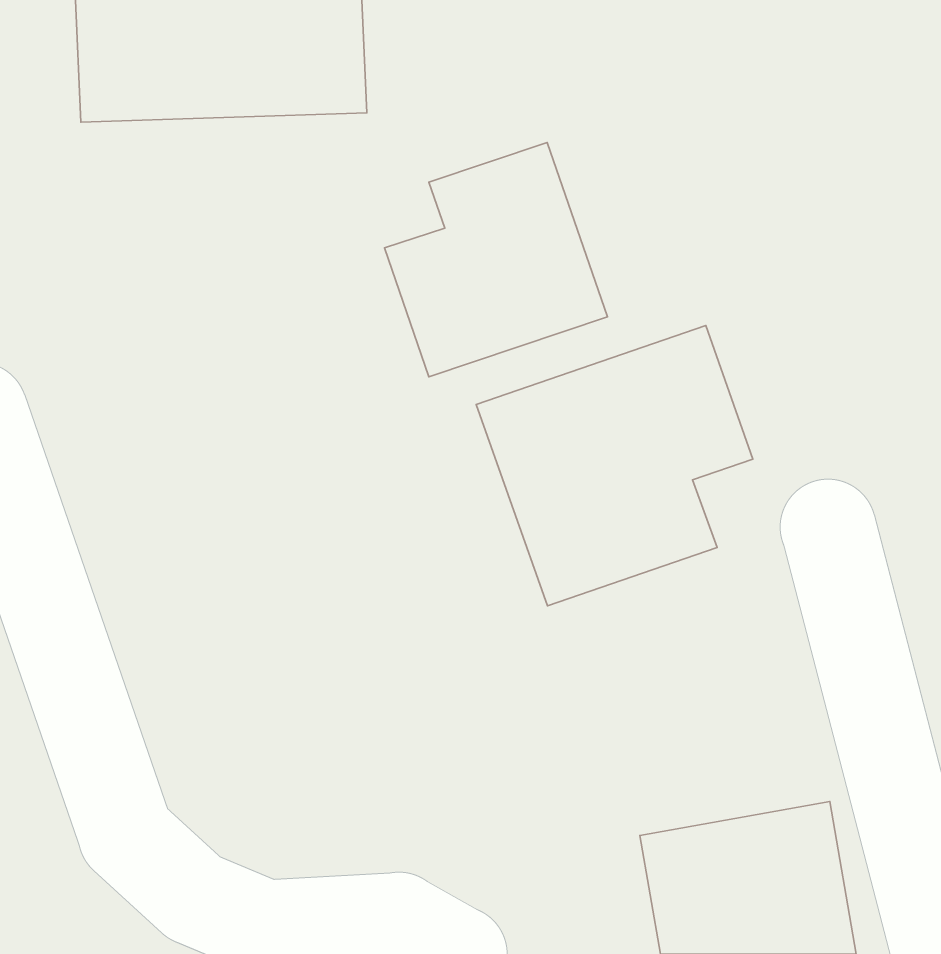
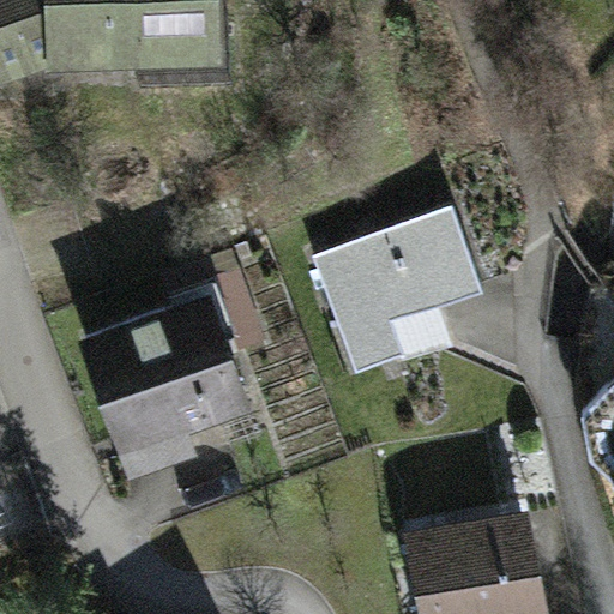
building: [385,142,607,377] -> none
building: none -> [79,281,260,447]

